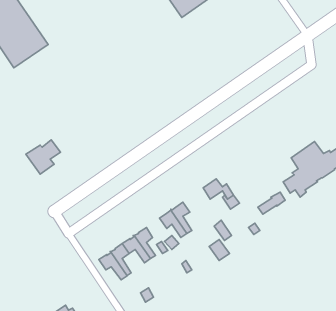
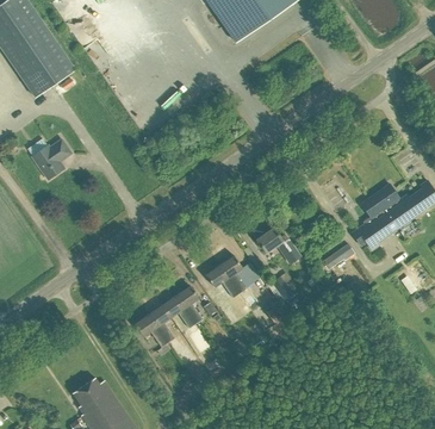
building: [26,140,60,174] -> [31,139,72,180]

